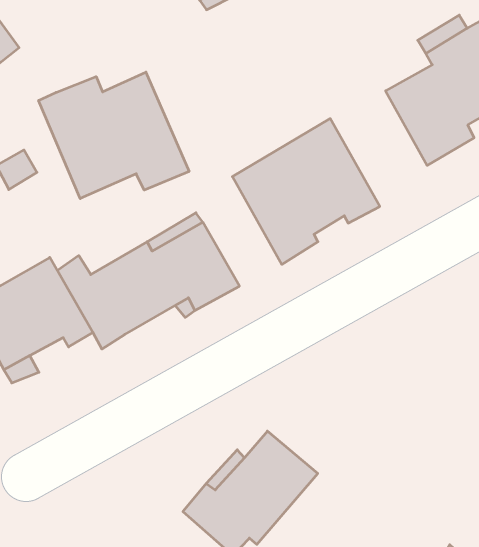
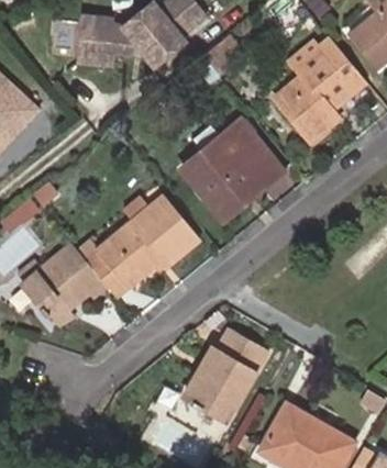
building: [39,72,189,199] -> none

